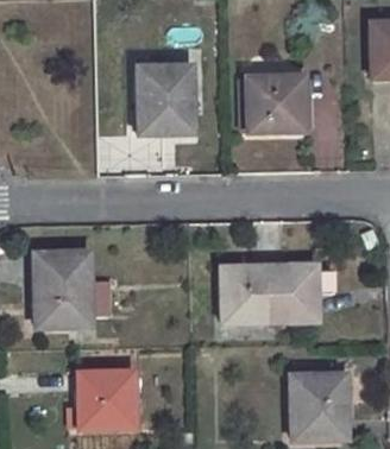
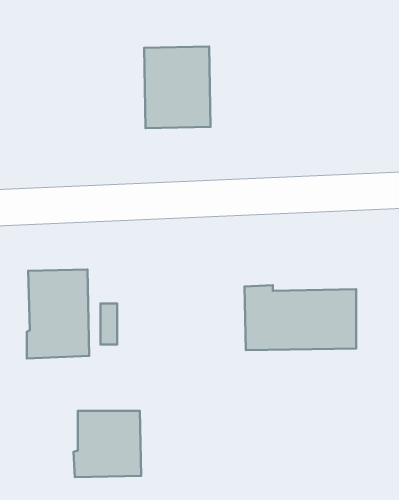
building: [246,76,303,134] -> none
building: [290,375,345,442] -> none

